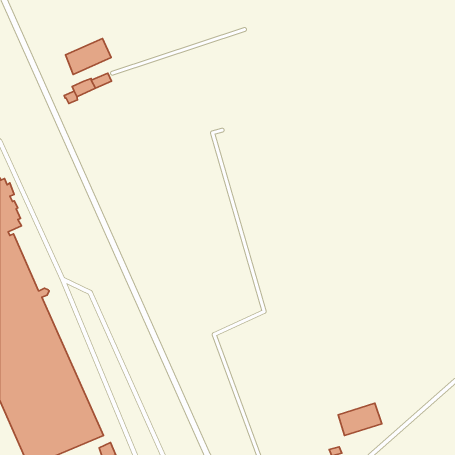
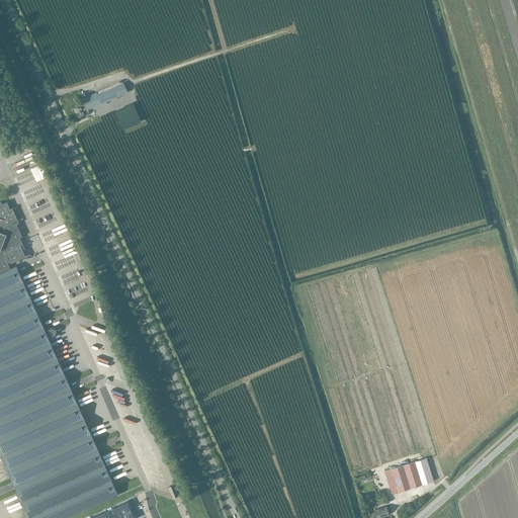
building: [65,38,111,74] -> none

